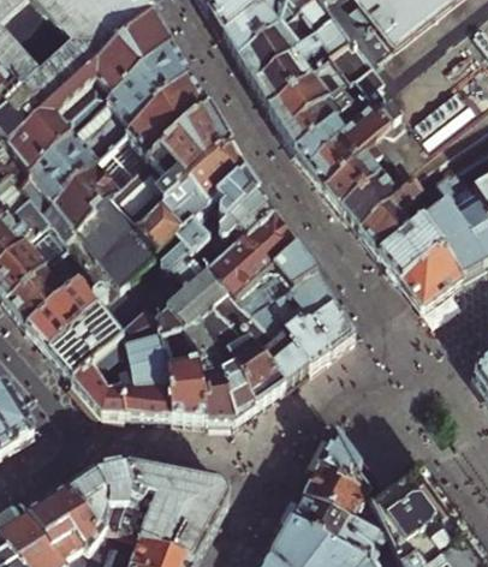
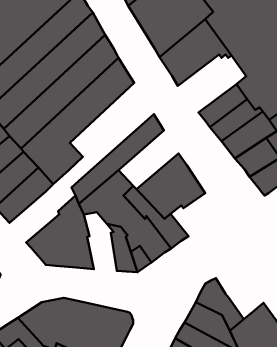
building: [294,101,394,185] -> none
building: [136,142,260,285] -> none
building: [208,211,296,297] -> none
building: [49,300,121,375] -> none
building: [284,303,355,365] -> none
building: [157,330,206,416] -> none

